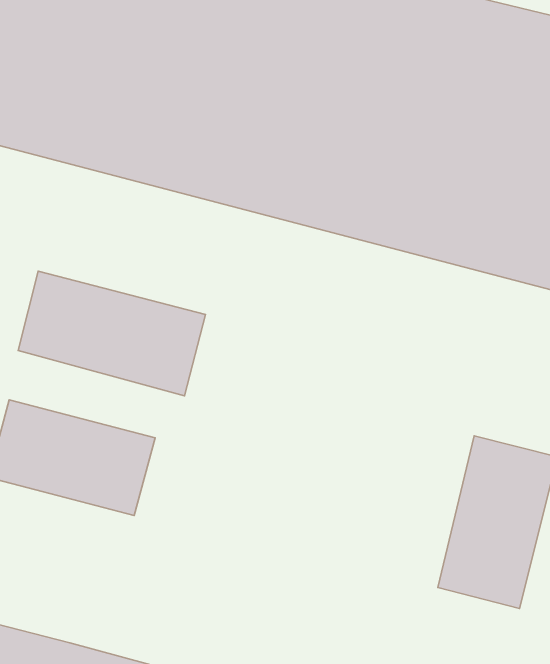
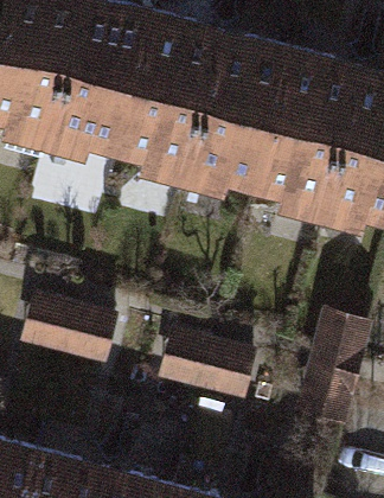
building: [18,271,205,396] -> none
building: none -> [162,345,258,407]

